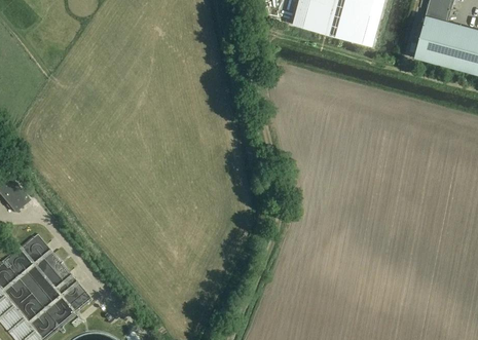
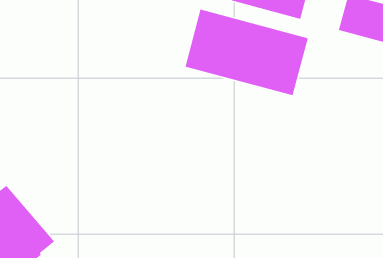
building: none -> [184,9,309,96]

